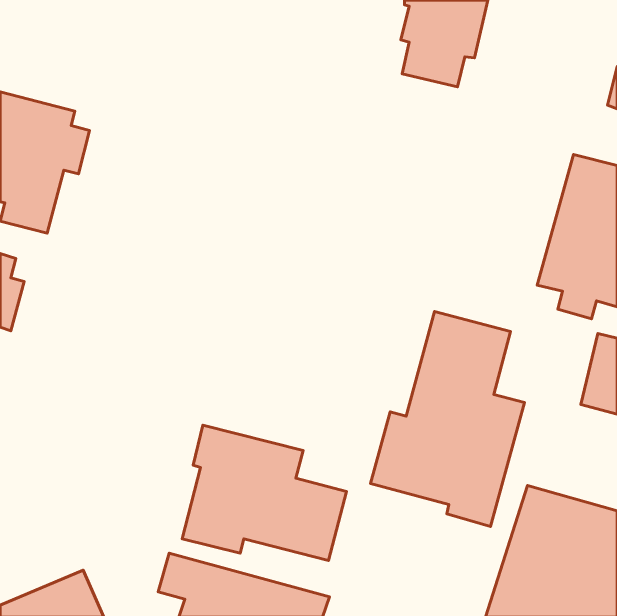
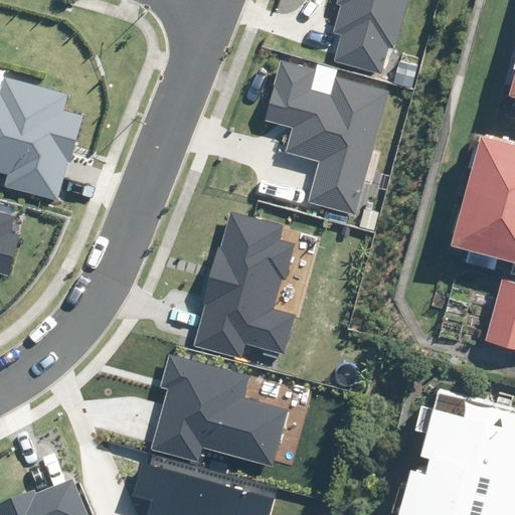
building: none -> [266,61,387,216]
building: none -> [193,210,298,359]
building: [370,312,524,526] -> none

